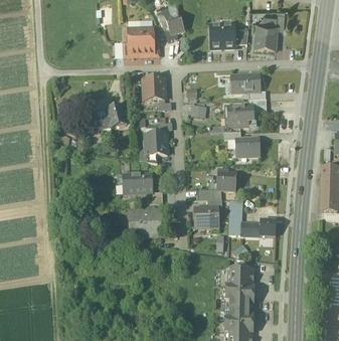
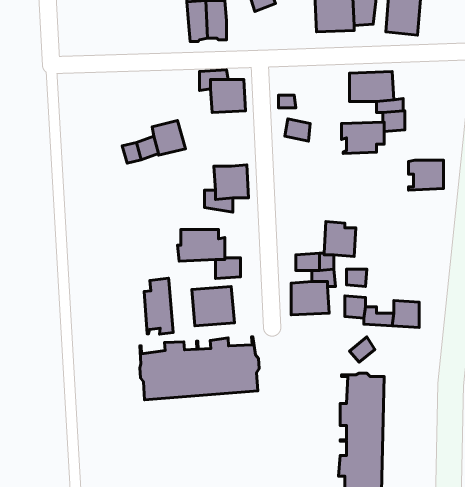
building: [236,138,259,157] -> [409,160,443,190]
building: none -> [144,278,173,334]
building: none -> [140,337,259,400]

